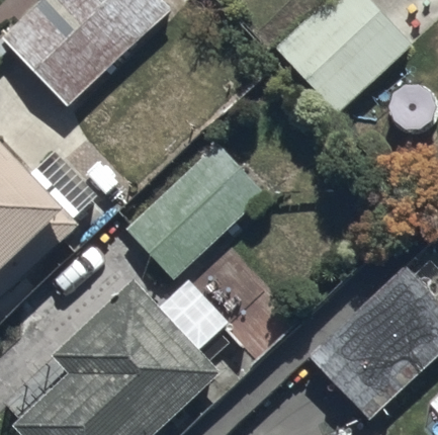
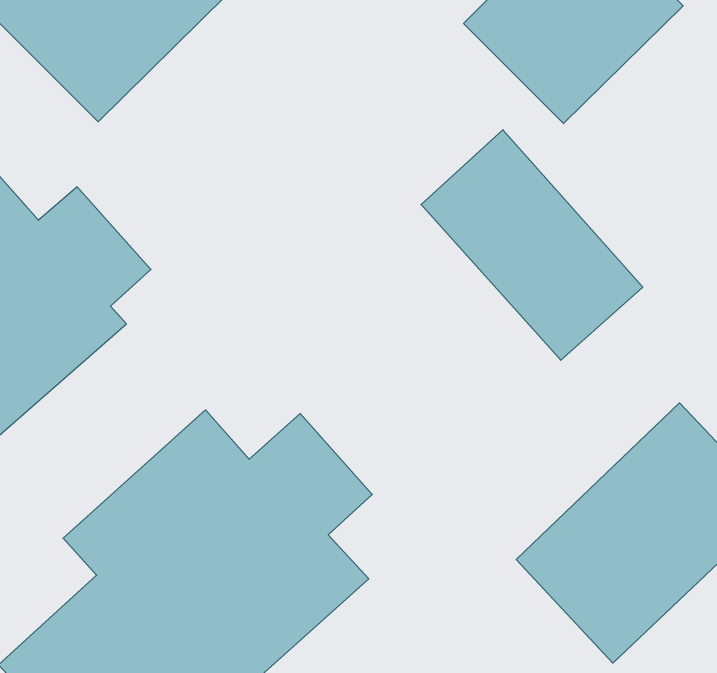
building: none -> [421,130,643,360]
building: [121,139,269,281] -> none

